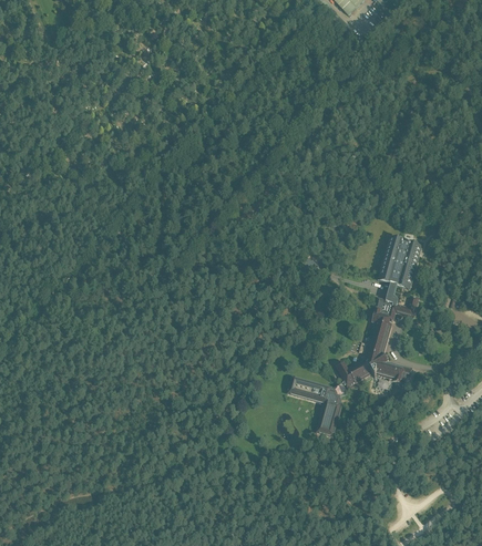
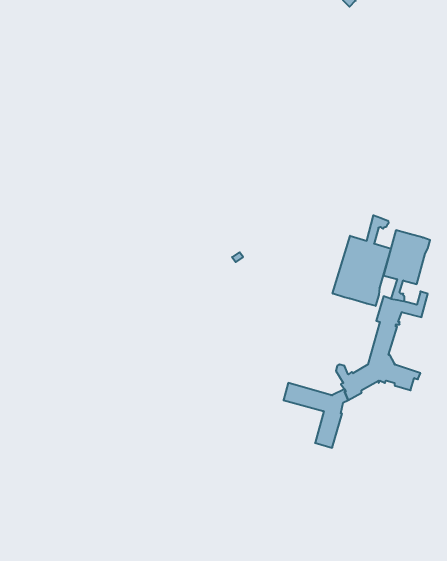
building: none -> [333,215,391,306]

